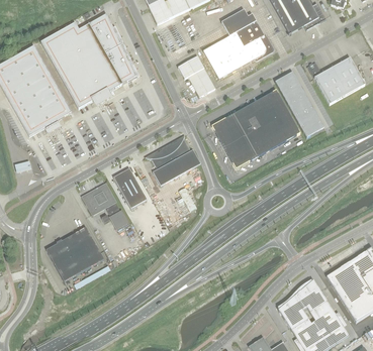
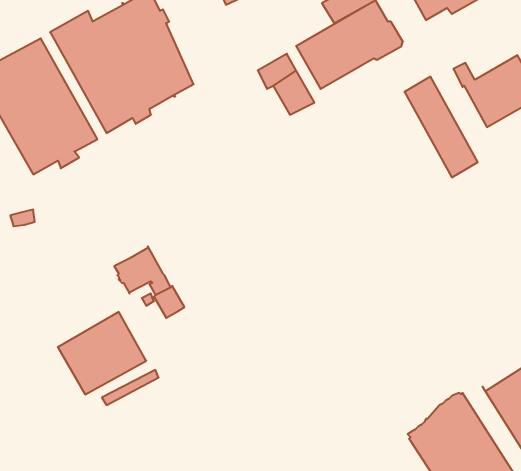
building: [211,90,299,167] -> none
building: [145,134,200,185] -> none
building: [113,167,147,208] -> none

